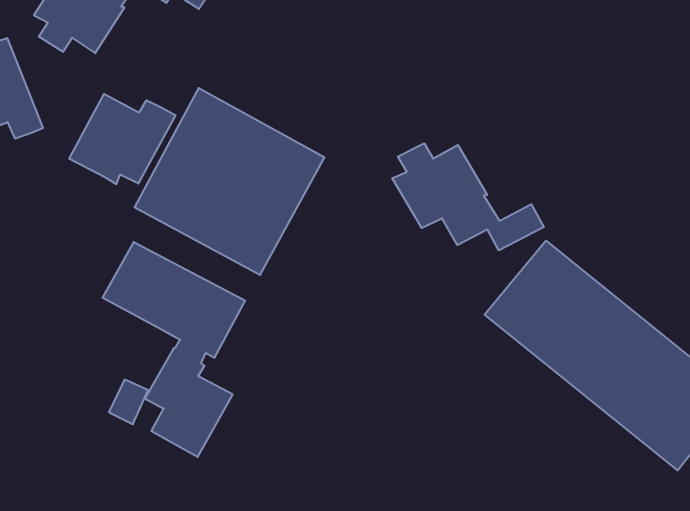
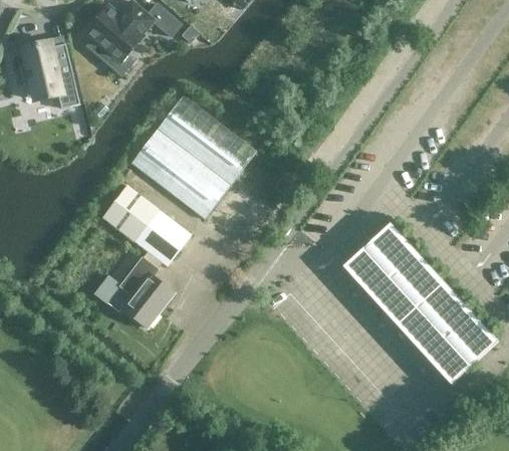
building: [69,94,176,184] -> none
building: [392,143,544,250] -> none

